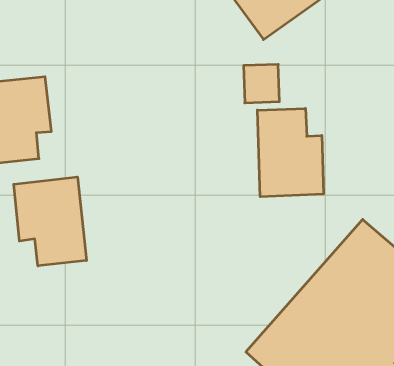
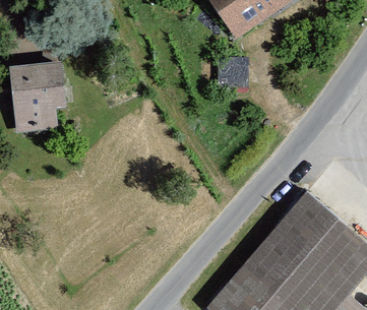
building: [257,108,323,197] -> none
building: [14,177,86,266] -> none

